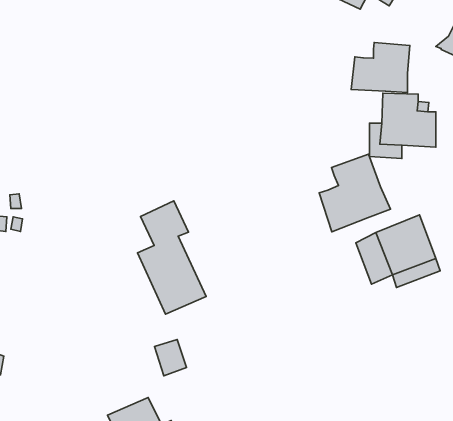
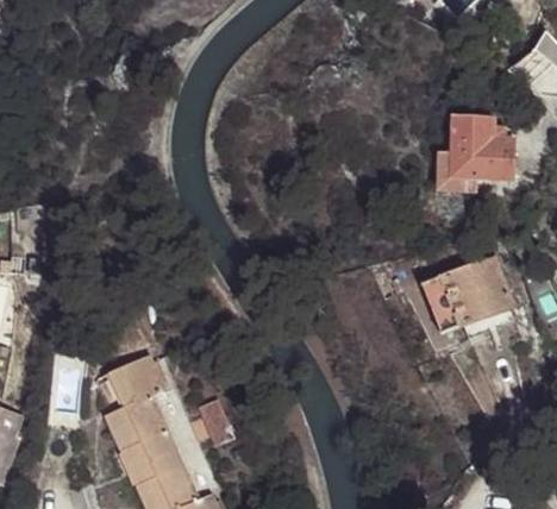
building: [351,43,410,93] -> none
building: [319,154,390,232] -> none
building: [137,201,206,314] -> [105,356,183,485]

